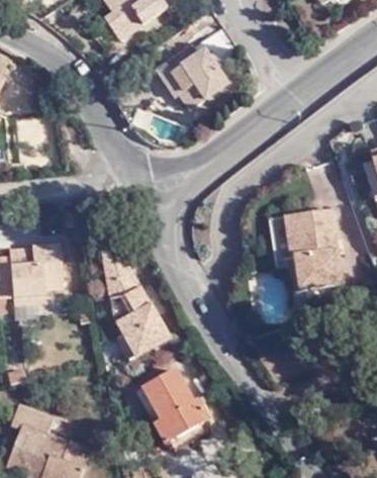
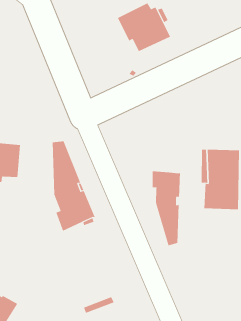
building: none -> [152,171,181,246]
building: [135,361,206,438] -> none

